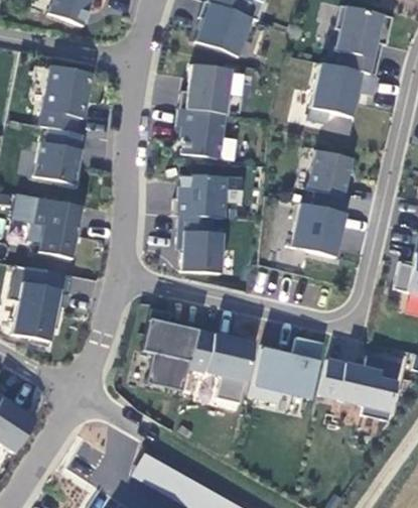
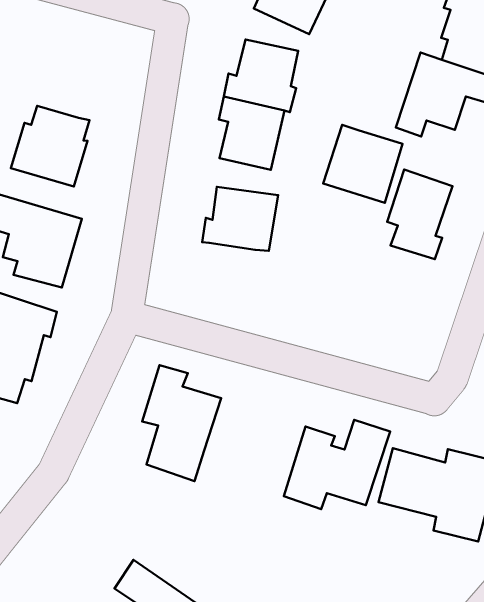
building: [40,65,93,133] -> none
building: [289,203,344,257] -> [323,125,403,203]
building: [176,216,223,273] -> none
building: [188,329,254,402] -> none

